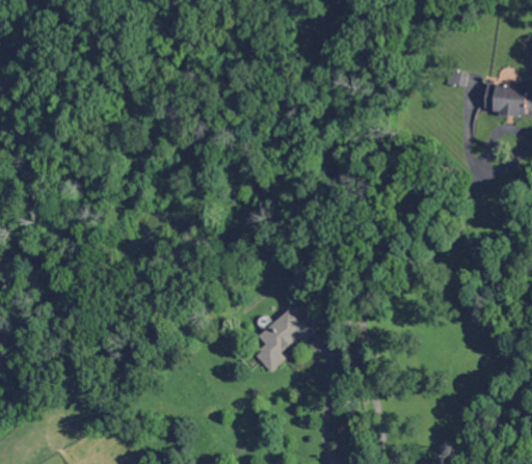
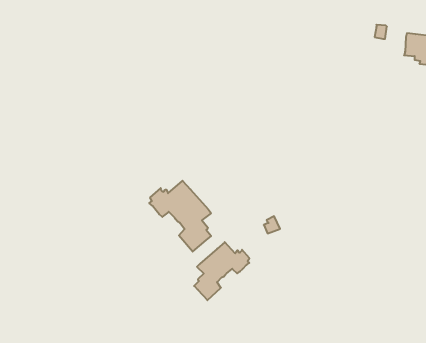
building: none -> [149,181,211,252]

